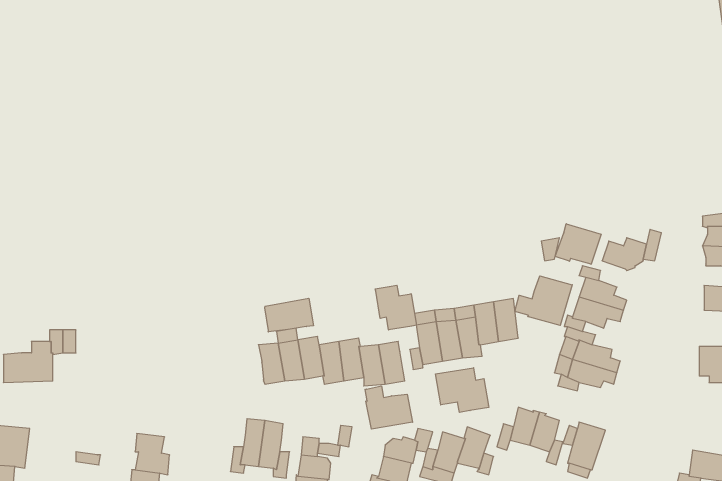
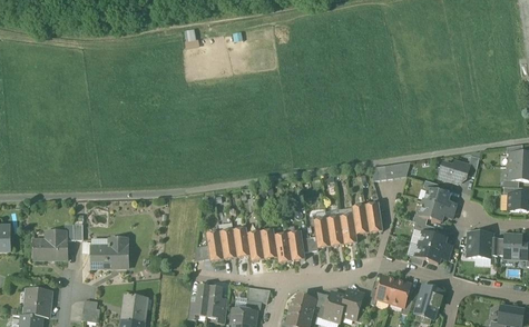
building: [555,224,601,264] -> none
building: [515,276,572,325] -> none
building: [375,285,416,330] -> none
building: [265,298,313,332] -> none
building: none -> [468,232,491,257]
building: none -> [91,238,127,267]
building: [436,368,489,412] -> none
building: [365,386,413,429] -> none

